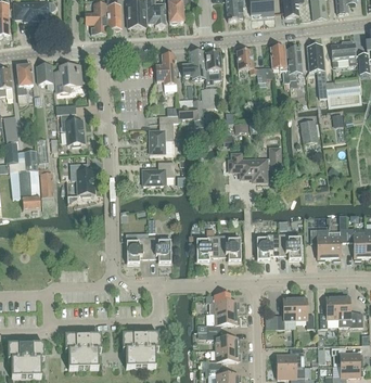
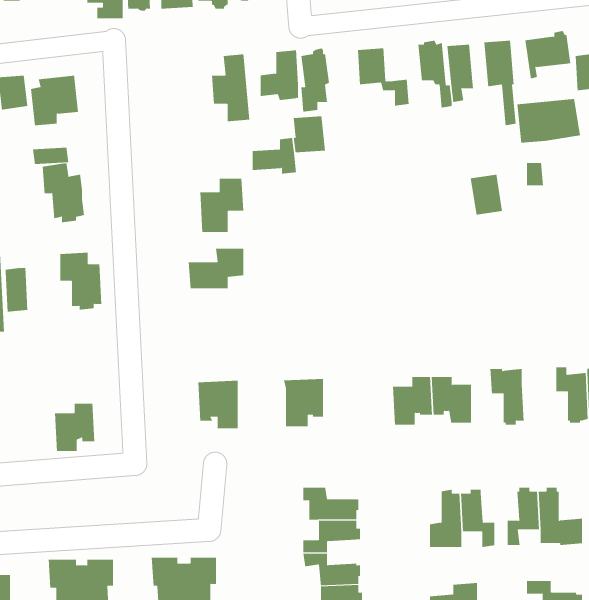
building: [231,148,280,180] -> none
building: [329,227,347,259] -> none
building: [218,233,241,260] -> none
building: [126,235,149,263] -> [54,403,95,452]

